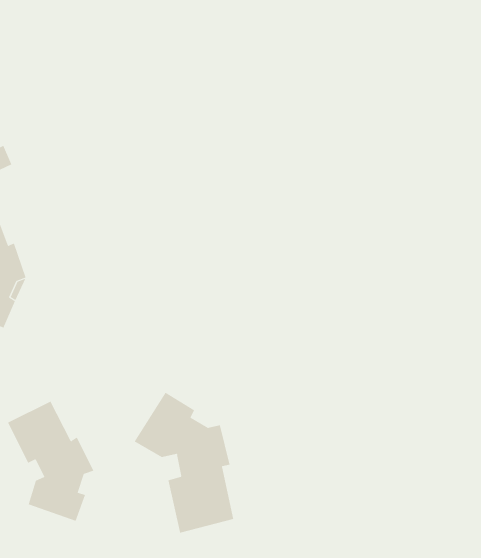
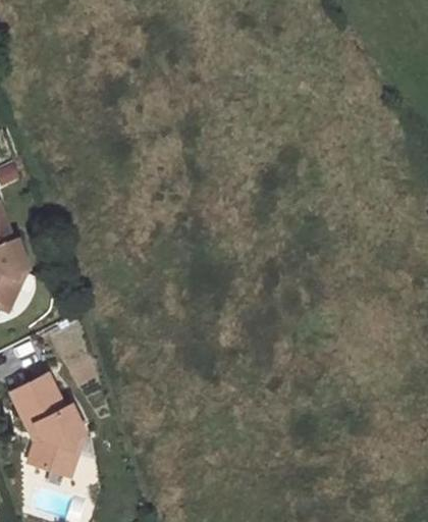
building: [134,392,234,534] -> none

